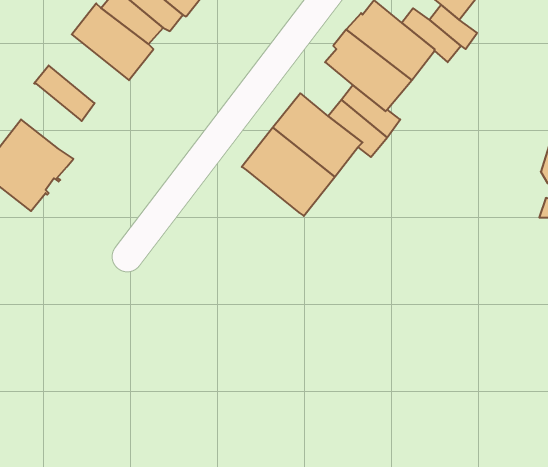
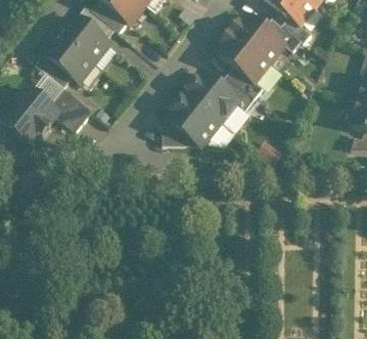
building: none -> [43,34,94,82]
building: none -> [50,88,93,132]
building: none -> [162,119,200,145]

